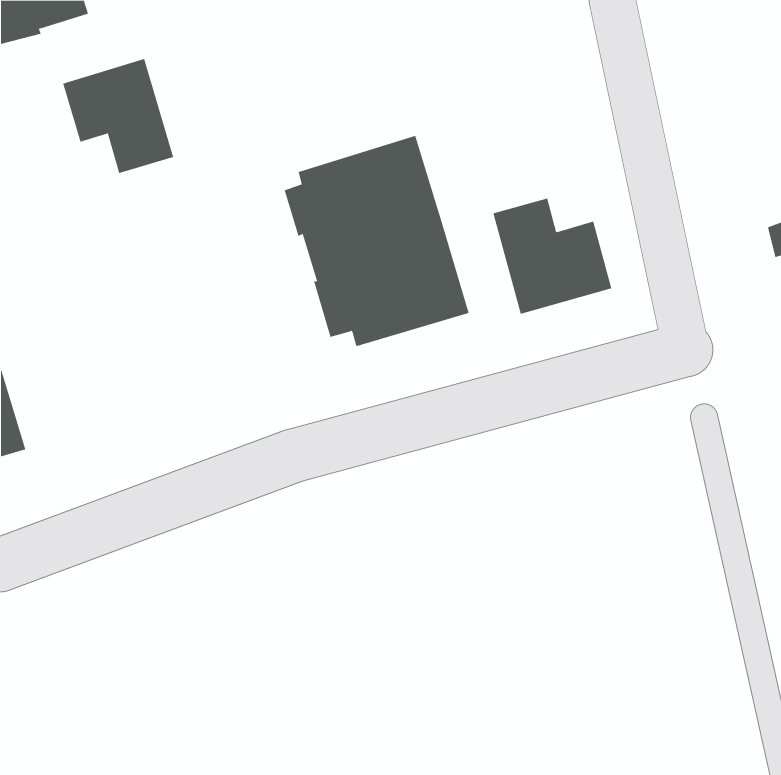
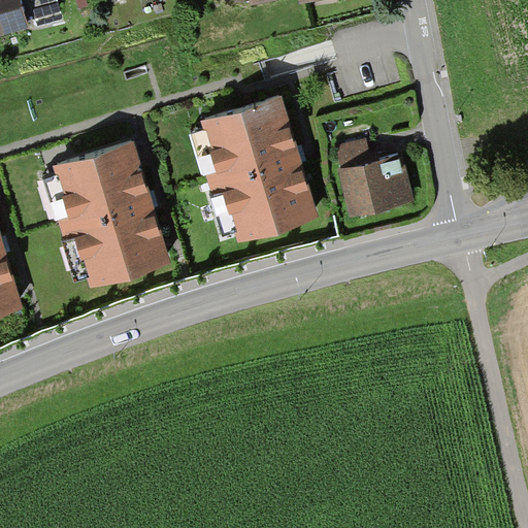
building: [62,58,174,174] -> none
building: none -> [45,143,170,285]

